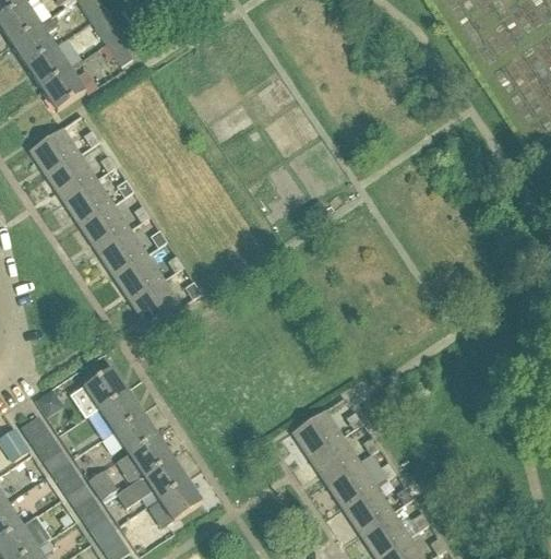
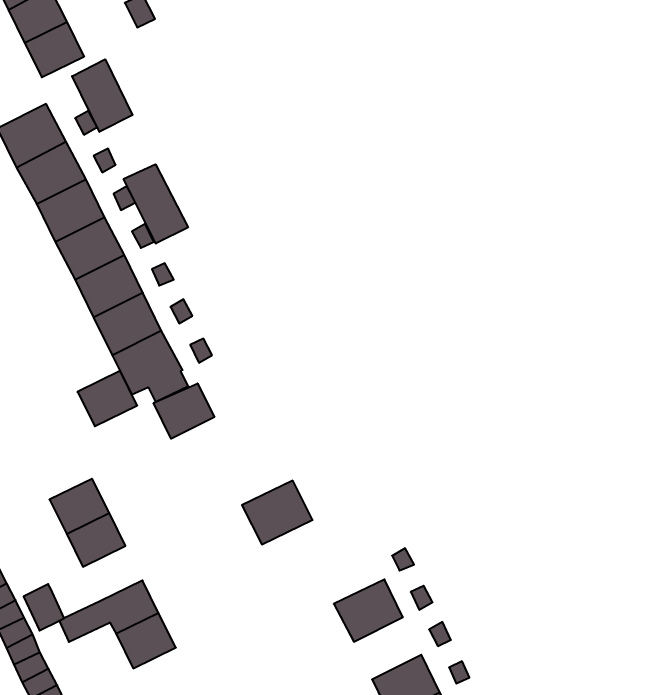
building: none -> [72,59,133,132]
building: none -> [124,164,188,244]
building: none -> [154,383,214,439]
building: [83,367,127,408] -> [77,371,137,426]
building: [291,409,343,457] -> [242,481,313,544]
building: [128,435,171,476] -> none
building: [326,461,375,508] -> none

